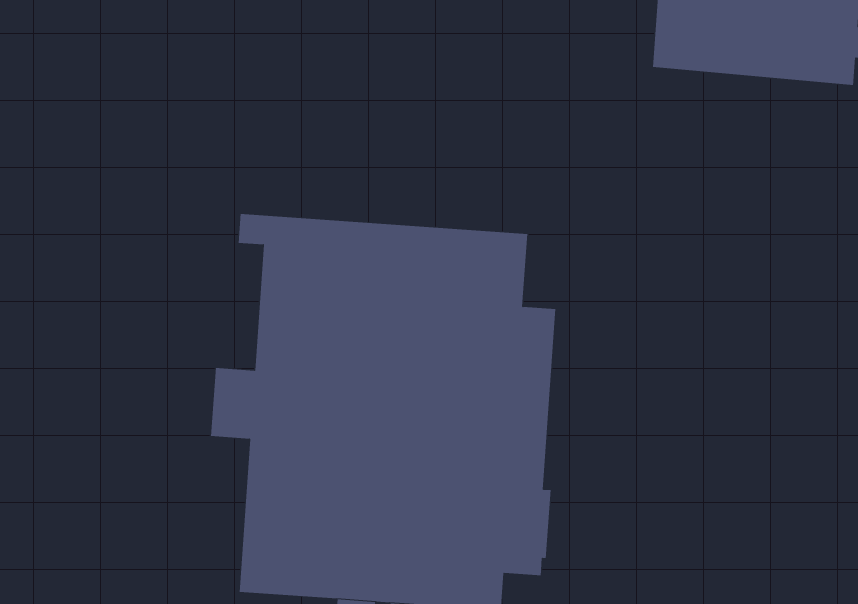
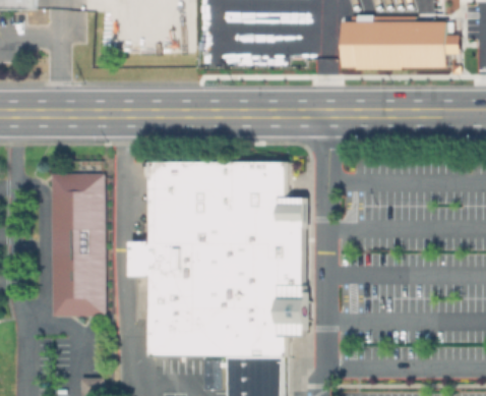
building: none -> [52,173,105,316]

